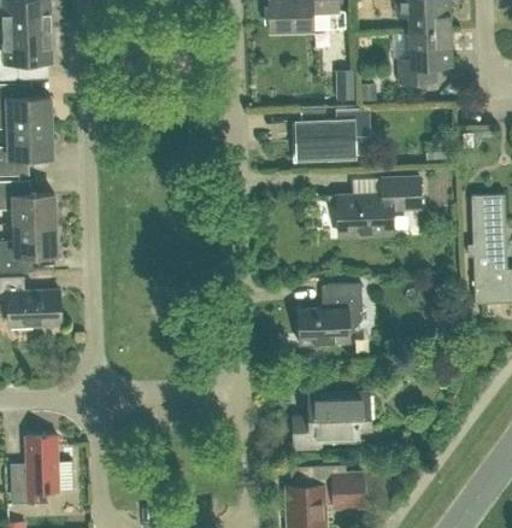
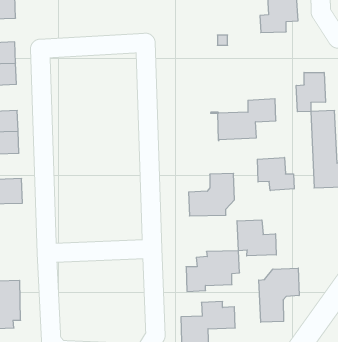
building: [300,108,369,158] -> none
building: none -> [296,72,325,112]
building: none -> [257,157,294,191]
building: none -> [237,220,276,256]
building: none -> [259,268,299,322]

